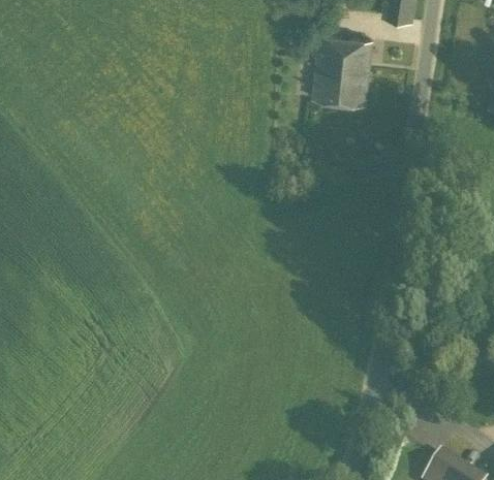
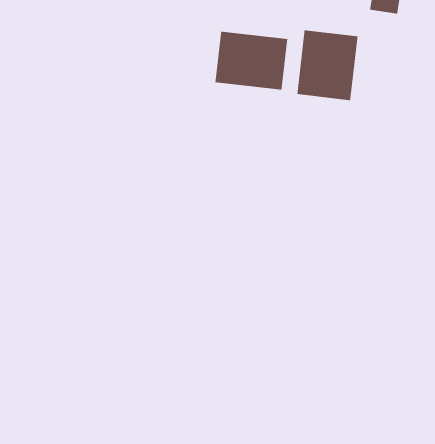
building: none -> [215,31,288,91]

